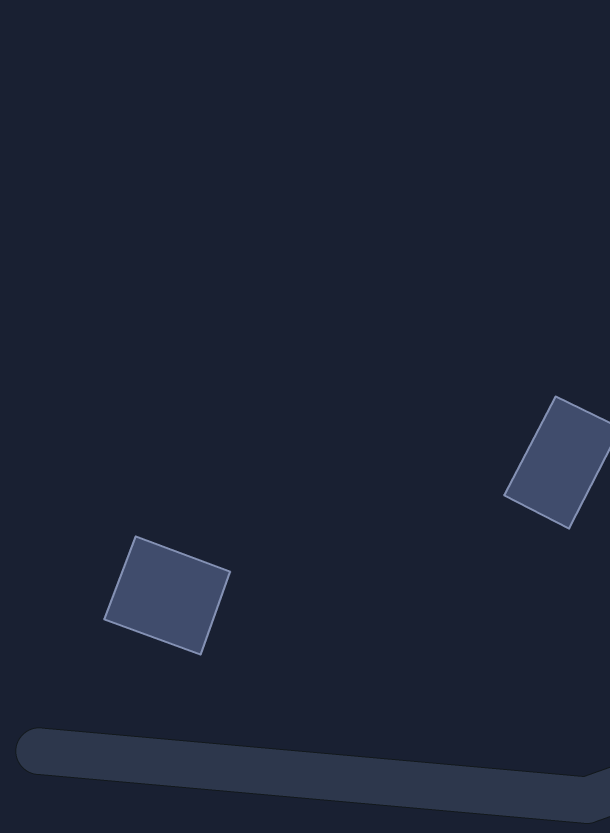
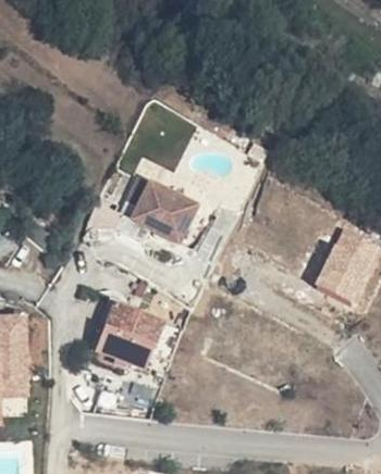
building: none -> [134,183,198,240]

